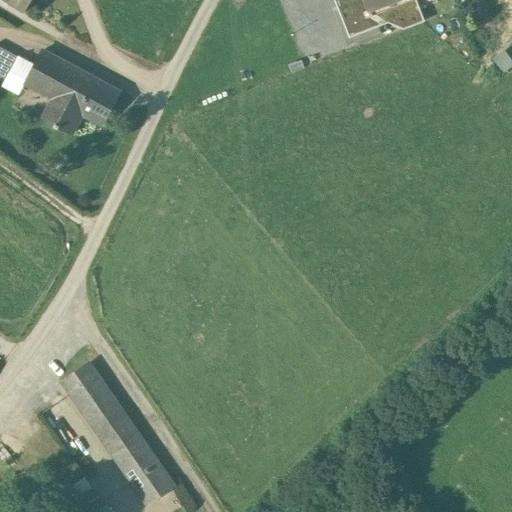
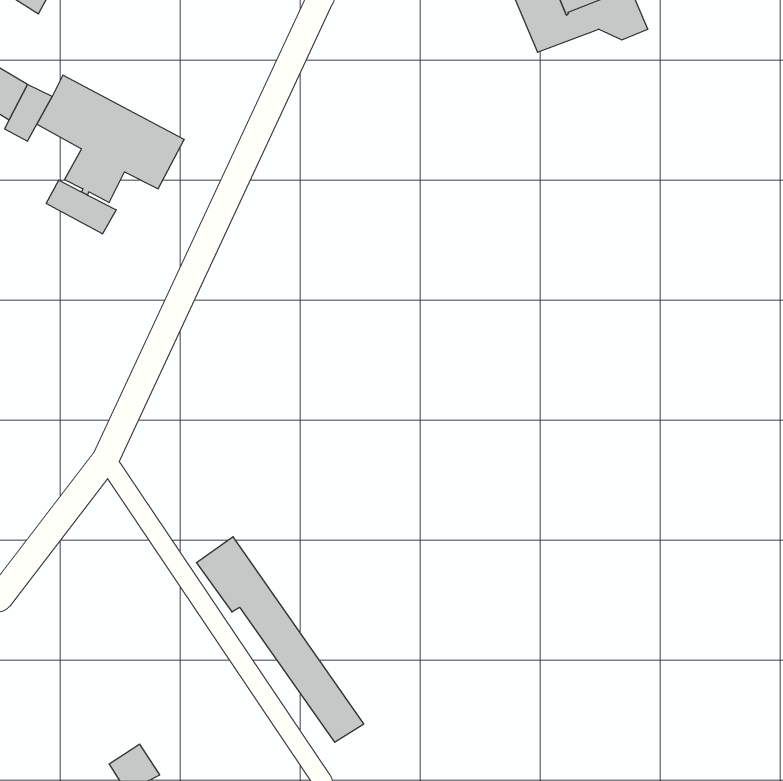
building: none -> [46,180,116,234]
building: [63,362,172,496] -> [196,537,364,742]

